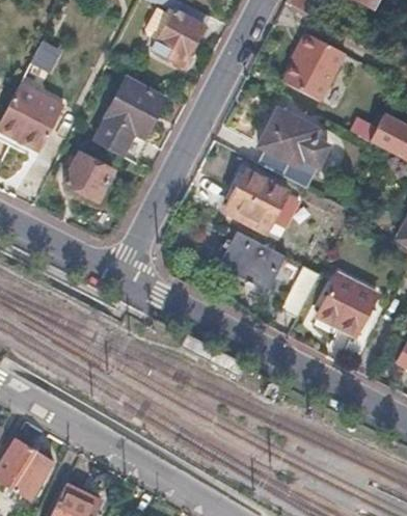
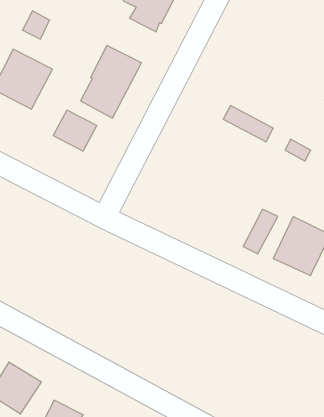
building: [287,32,347,100] -> none
building: [264,109,332,174] -> none
building: [227,167,287,230] -> none
building: [219,227,286,288] -> none

